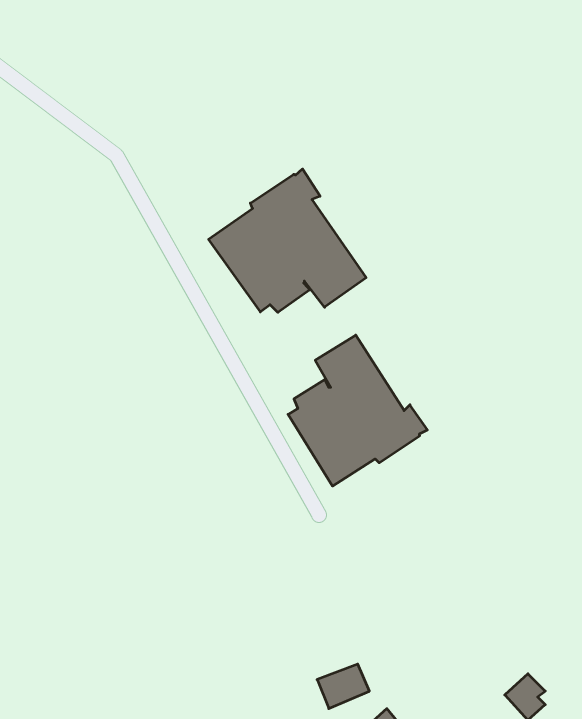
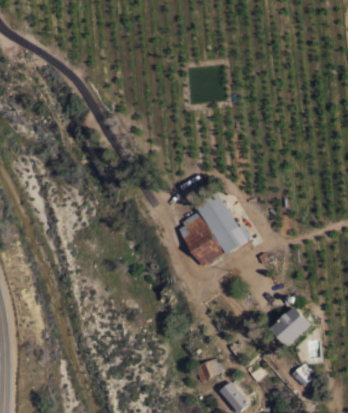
building: [209,169,366,312] -> none
building: none -> [271,307,312,347]

